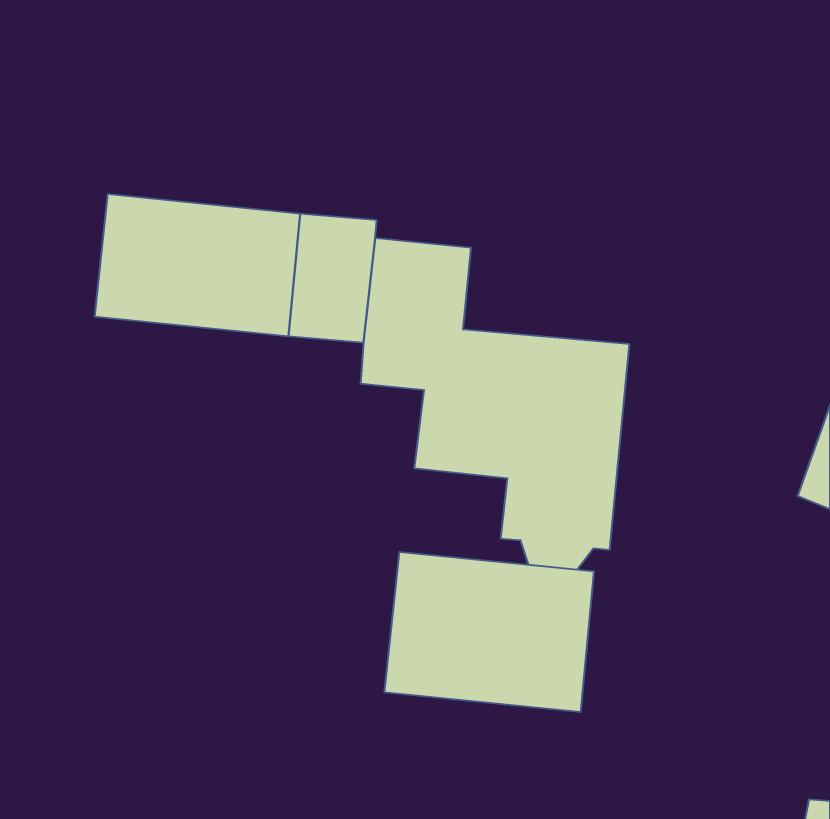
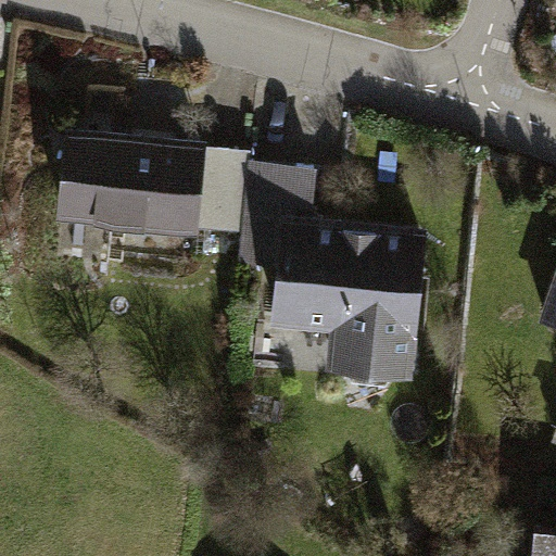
building: [385,552,594,712] -> none

